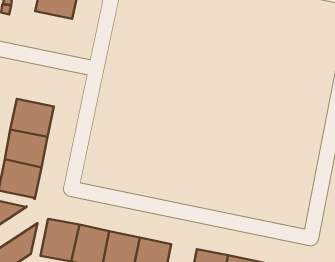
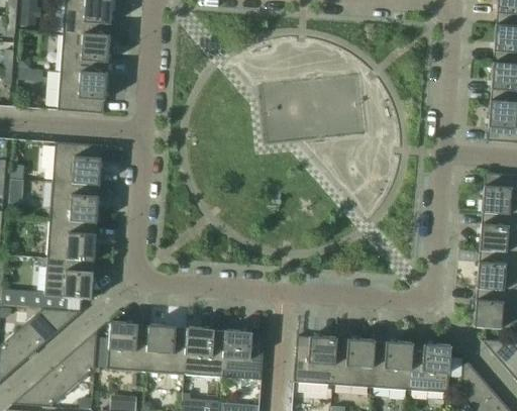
building: none -> [59,72,108,114]
building: none -> [54,142,103,185]

